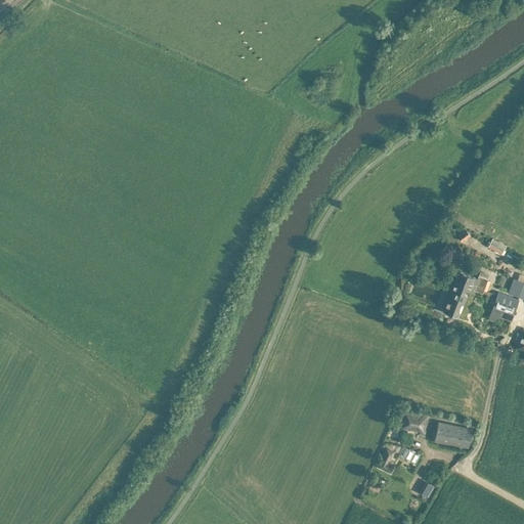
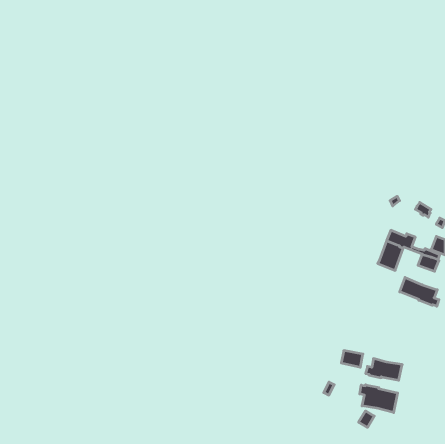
building: none -> [400,277,439,306]
building: none -> [360,385,398,413]

